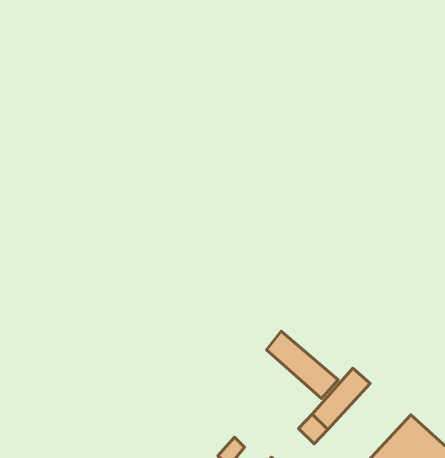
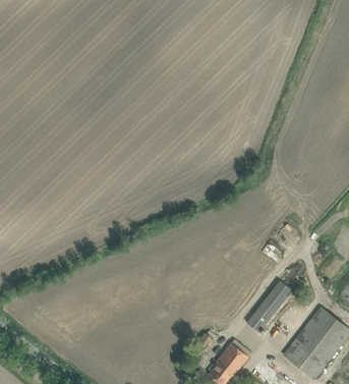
building: [266,331,338,399] -> none

